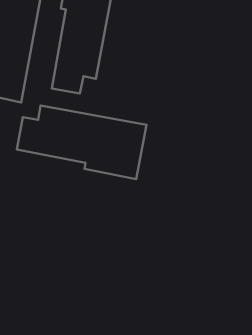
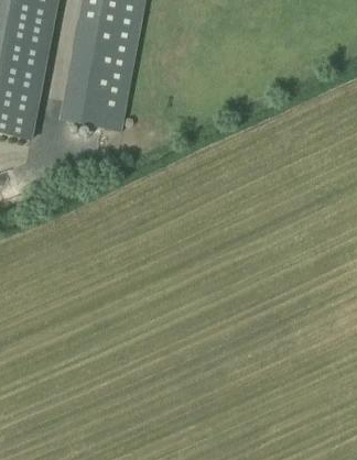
building: [17,106,146,179] -> none

